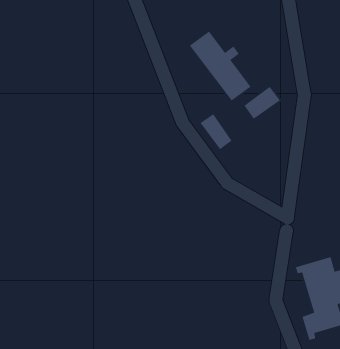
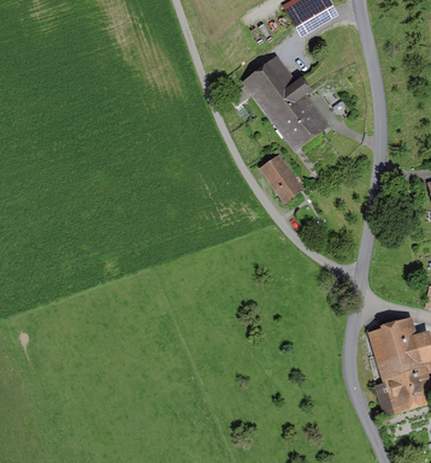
building: [243,86,281,120] -> none

